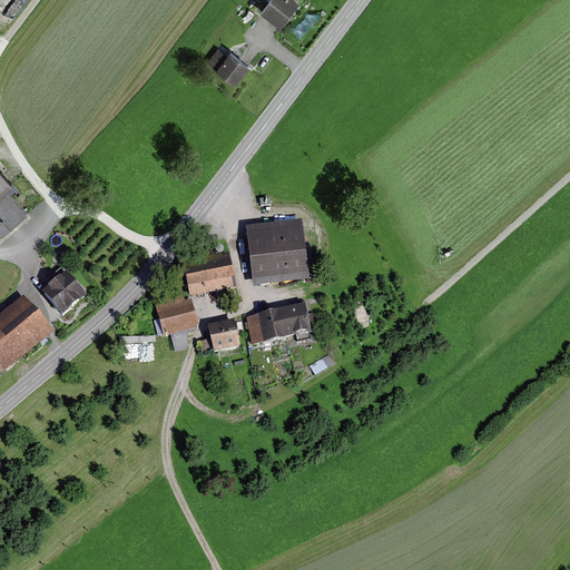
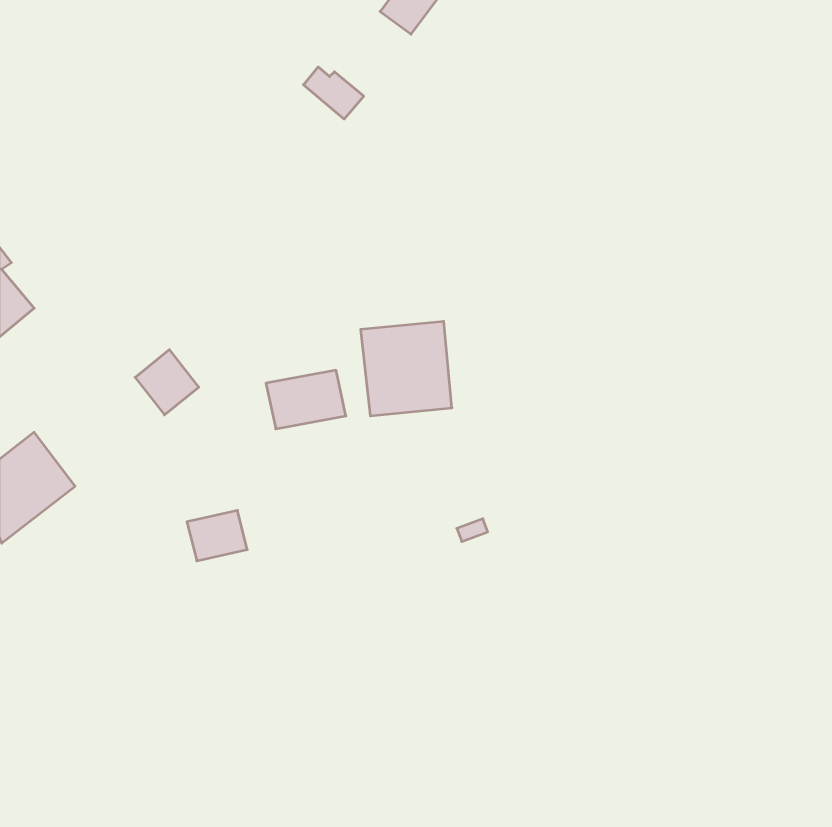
building: [42,271,86,315] -> [135,350,199,415]
building: [157,298,198,333] -> [187,510,247,561]
building: [247,305,309,342] -> none
building: [200,320,239,350] -> none

